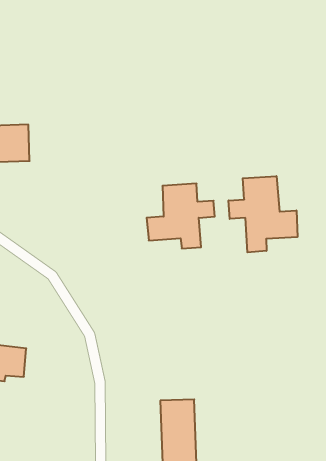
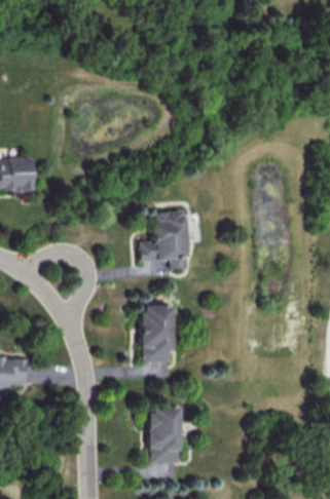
building: [229,176,297,252] -> none
building: none -> [142,306,173,363]

